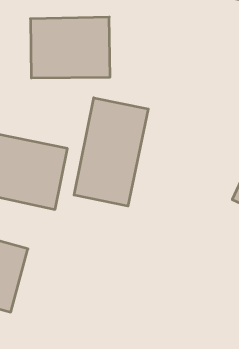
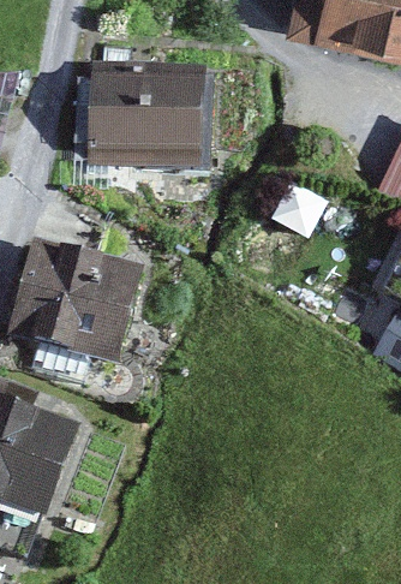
building: [74,98,148,206] -> none

